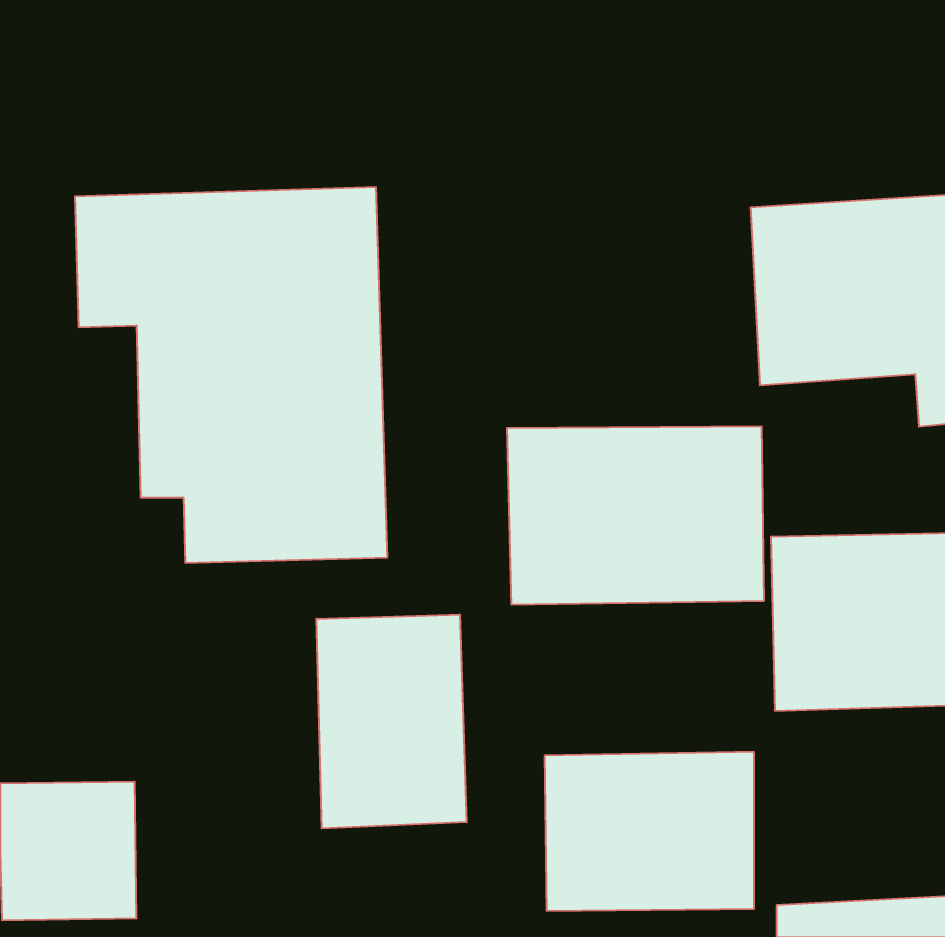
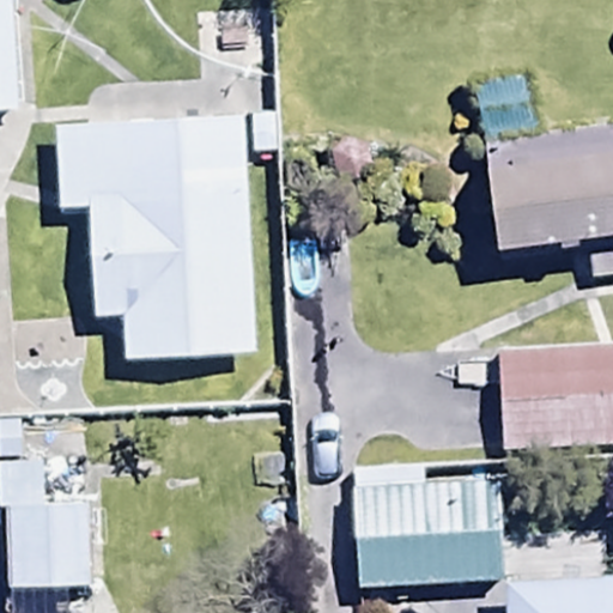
building: [507,426,764,605] -> none
building: [316,614,467,828] -> none

